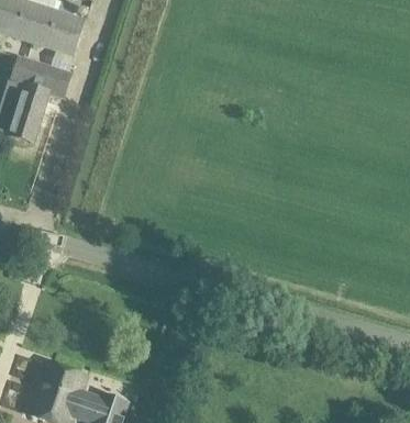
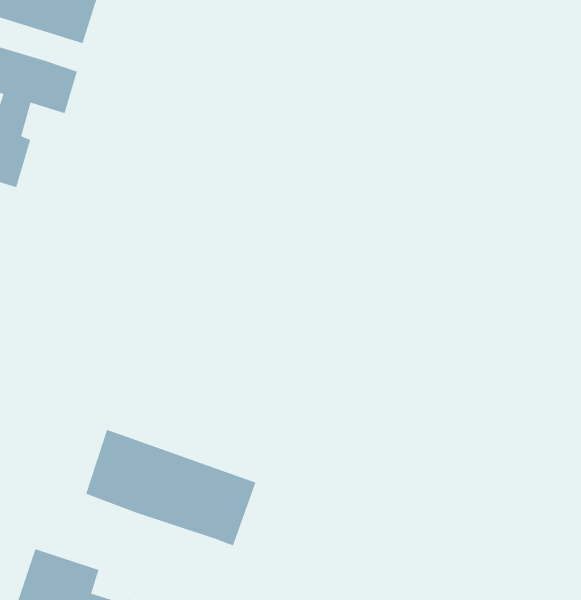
building: none -> [85,429,257,547]

